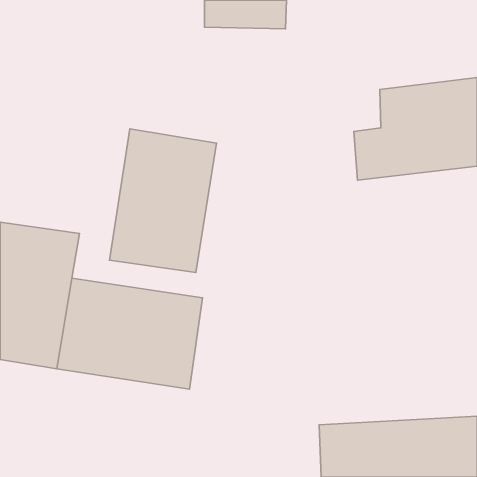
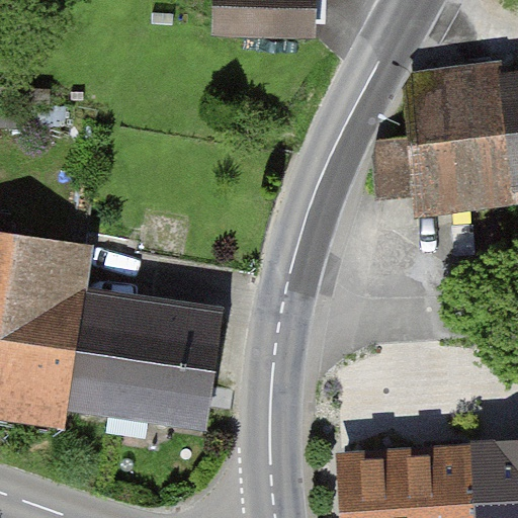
building: [109,129,217,273] -> none

